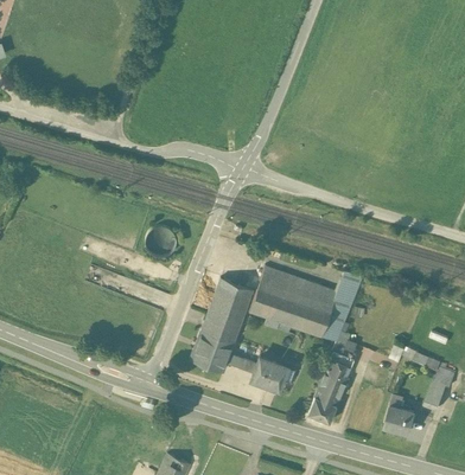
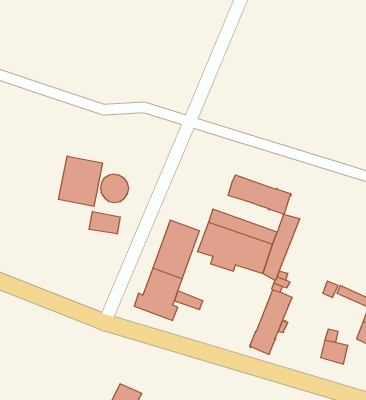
building: none -> [59,156,103,206]
building: none -> [228,175,291,215]
building: none -> [89,211,120,234]
building: [251,357,287,389] -> none

